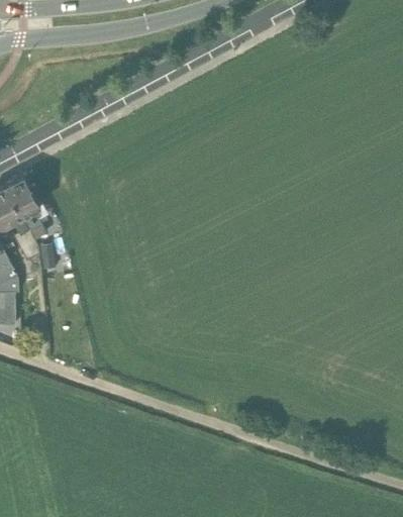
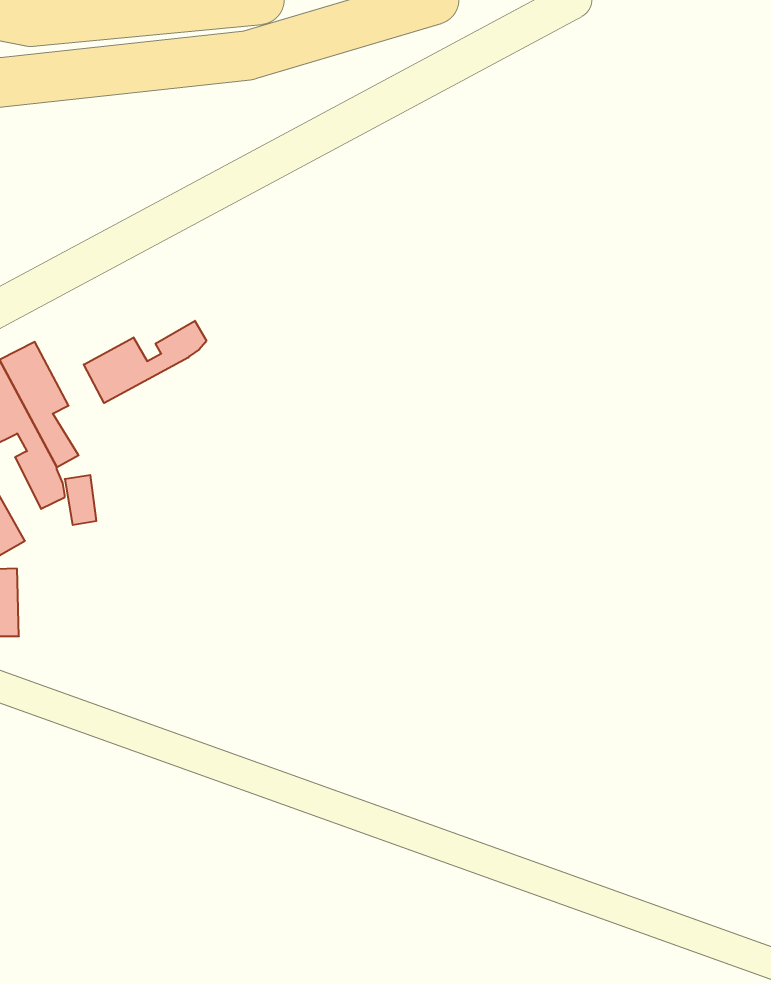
building: none -> [84,321,206,403]

